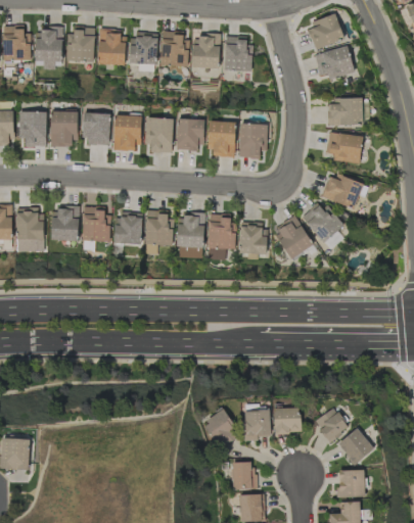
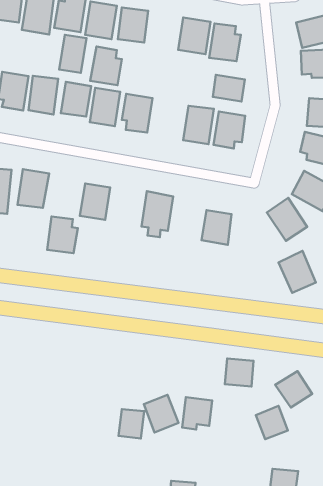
building: [160,31,189,66] -> [90,47,122,85]
building: none -> [59,35,86,73]
building: none -> [213,75,245,101]
building: [177,118,203,151] -> none
building: [83,207,110,241] -> [47,216,78,253]
building: [145,210,173,245] -> none
building: [208,215,236,257] -> none
building: [273,217,313,259] -> [278,251,316,293]
building: [274,408,302,434] -> [225,359,254,386]
building: [337,428,375,465] -> [275,371,312,408]
building: [232,462,255,489] -> [118,409,144,439]

